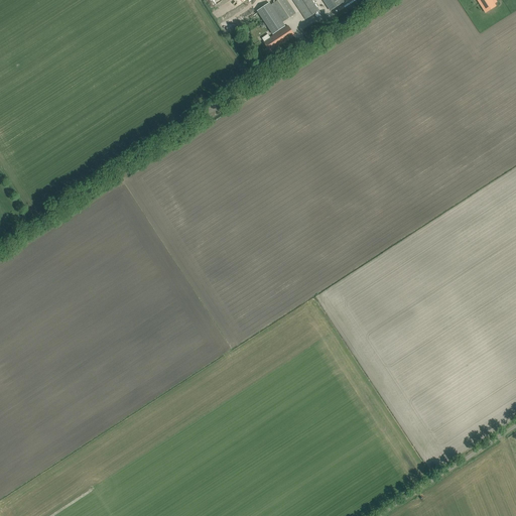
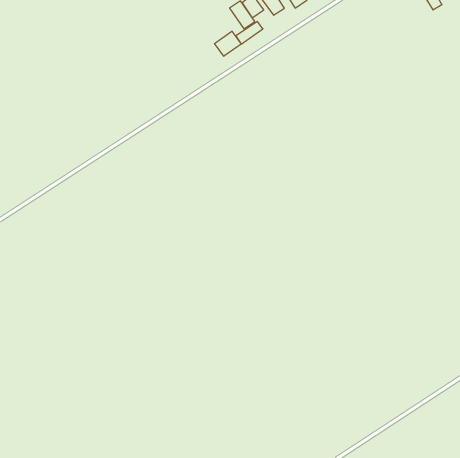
building: none -> [215,31,241,56]

